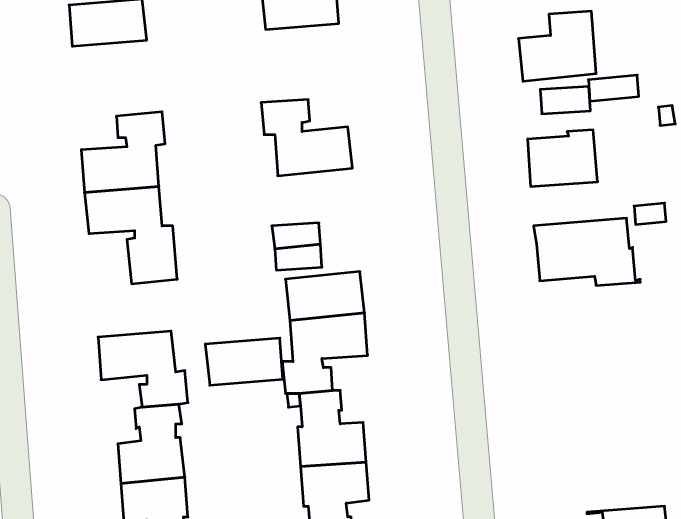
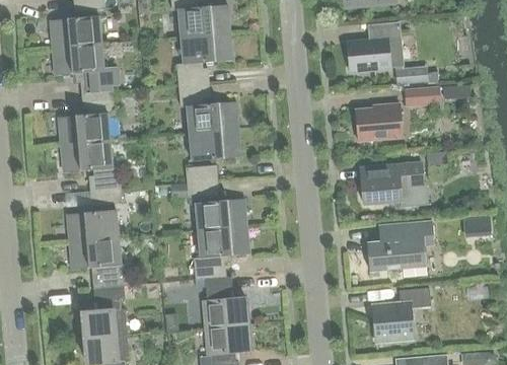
building: none -> [176,31,232,84]
building: none -> [52,43,119,93]
building: [540,86,590,114] -> [406,86,439,104]
building: none -> [189,128,240,160]
building: none -> [366,220,434,276]
building: [205,338,283,385] -> [66,209,118,240]
building: none -> [372,287,430,350]

